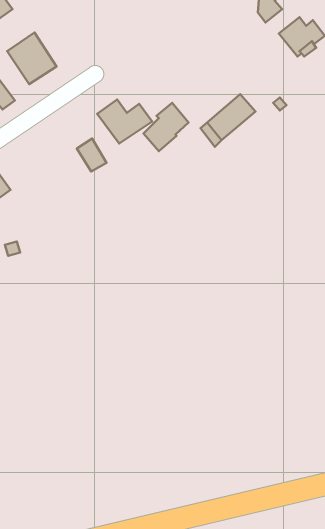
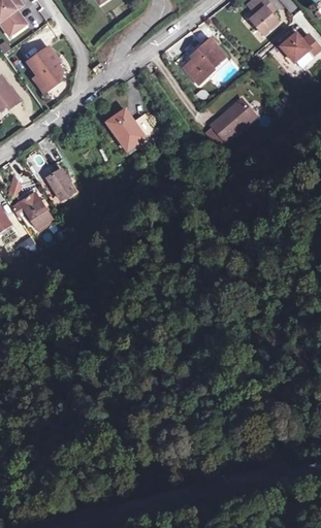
building: [143,103,189,151] -> [182,40,224,86]
building: [77,139,107,172] -> [45,168,73,199]
building: none -> [21,198,47,229]

